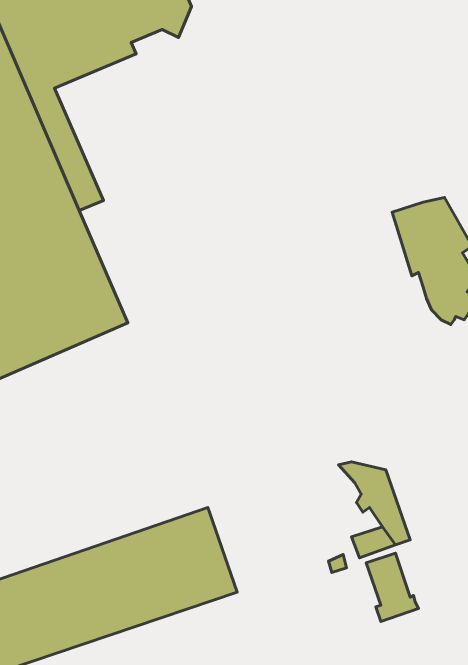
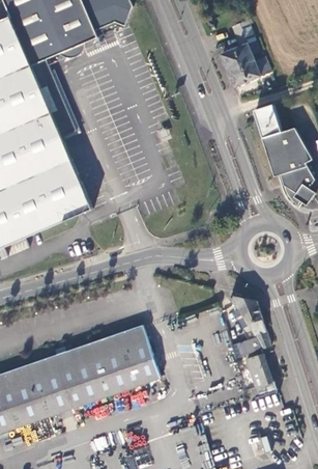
building: none -> [220,22,268,89]
building: none -> [253,103,281,136]

